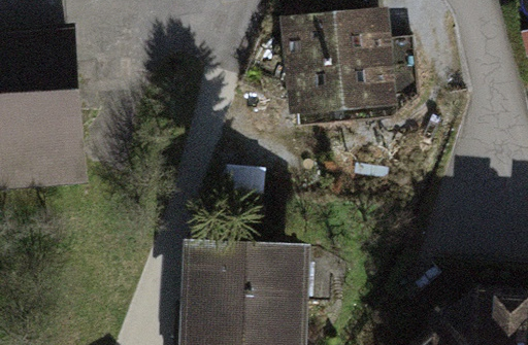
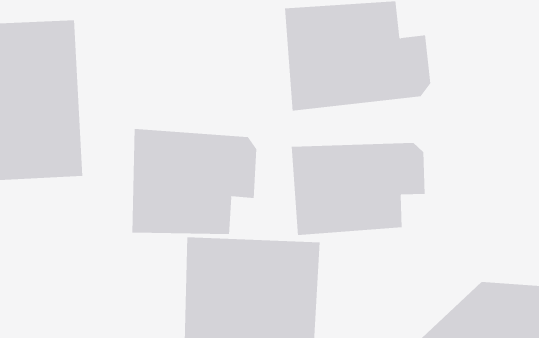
building: none -> [132,128,257,235]
building: none -> [291,142,425,236]

